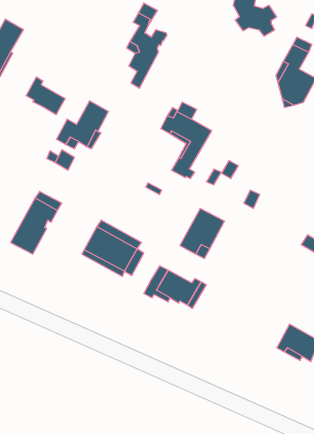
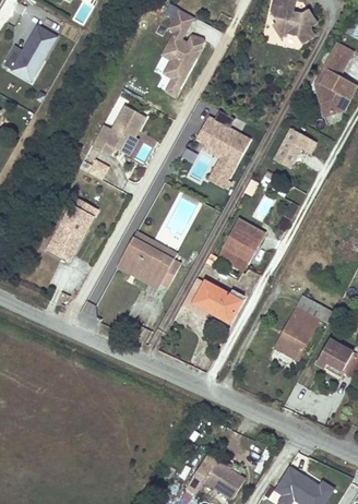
building: [26,77,65,115] -> none
building: none -> [274,129,315,167]
building: none -> [274,293,333,360]

